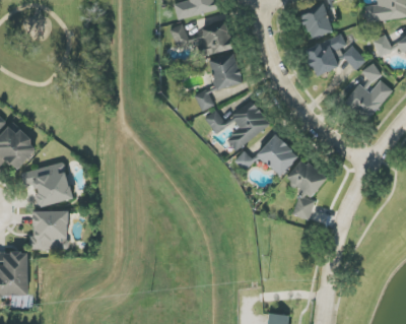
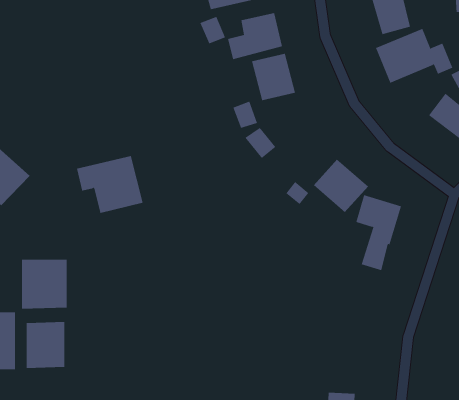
building: [224,102,269,151] -> none
building: [20,163,72,207] -> [76,155,144,214]
building: none -> [26,321,65,369]

